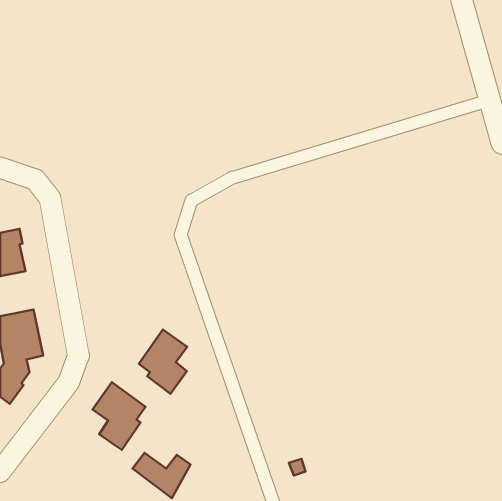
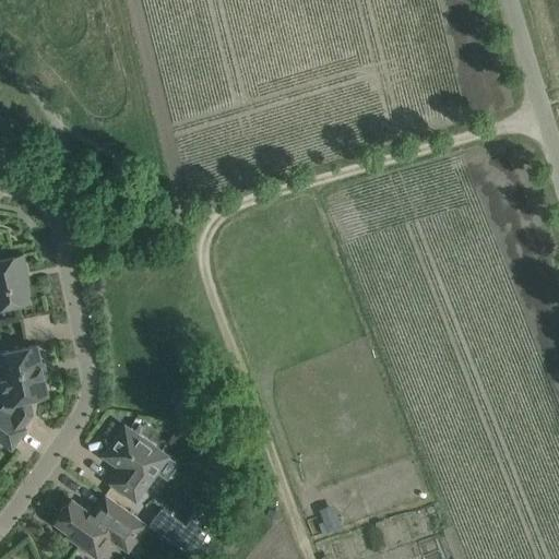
building: [139,329,187,394] -> none
building: none -> [55,496,146,552]

